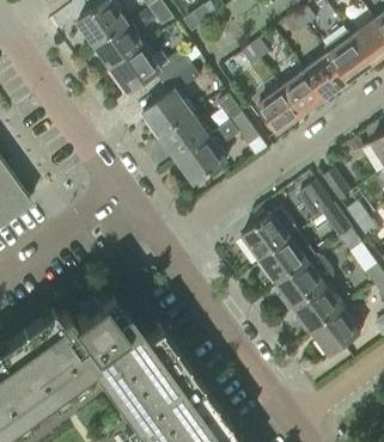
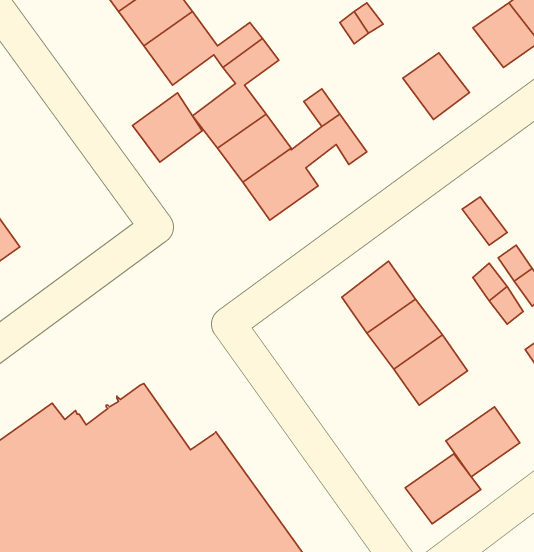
building: [305,55,348,98] -> none
building: [258,88,301,133] -> none
building: none -> [132,93,202,162]
building: [292,179,333,221] -> none
building: [292,283,342,330] -> [405,454,481,524]

